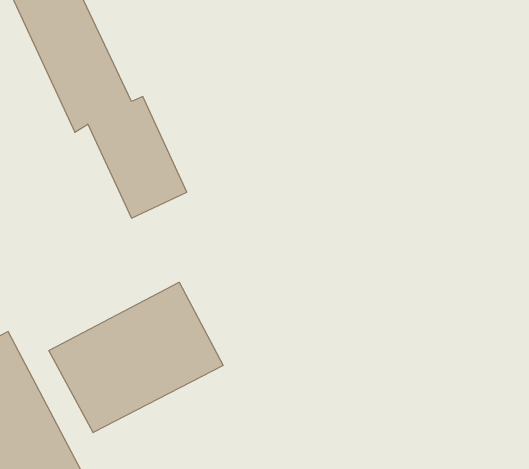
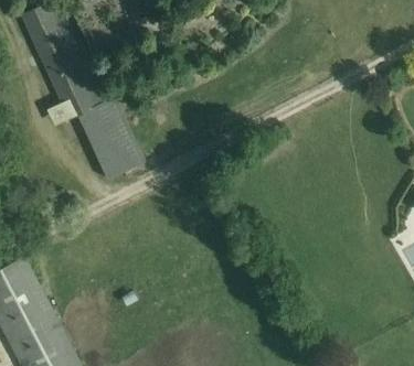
building: [49,282,223,433] -> none

